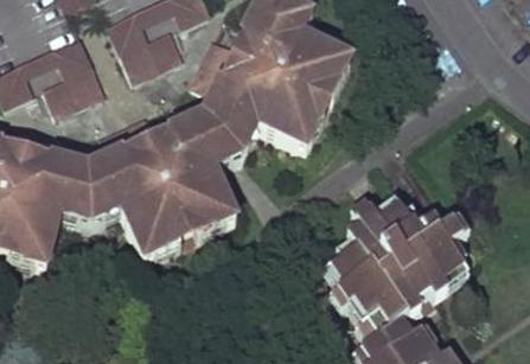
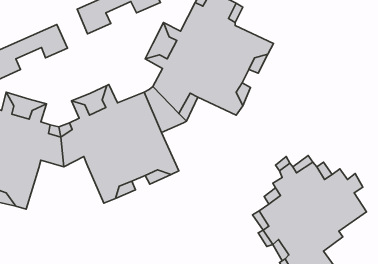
building: [122,25,184,71] -> none
building: [47,64,109,111] -> none

